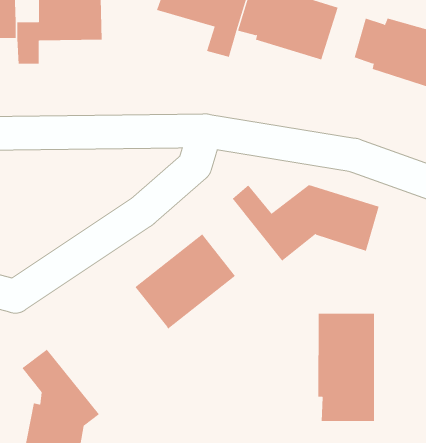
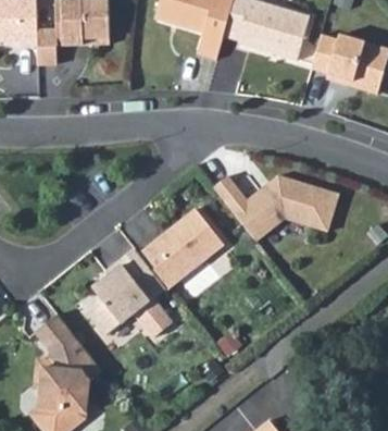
building: none -> [82,255,174,340]
building: [318,313,374,422] -> none

